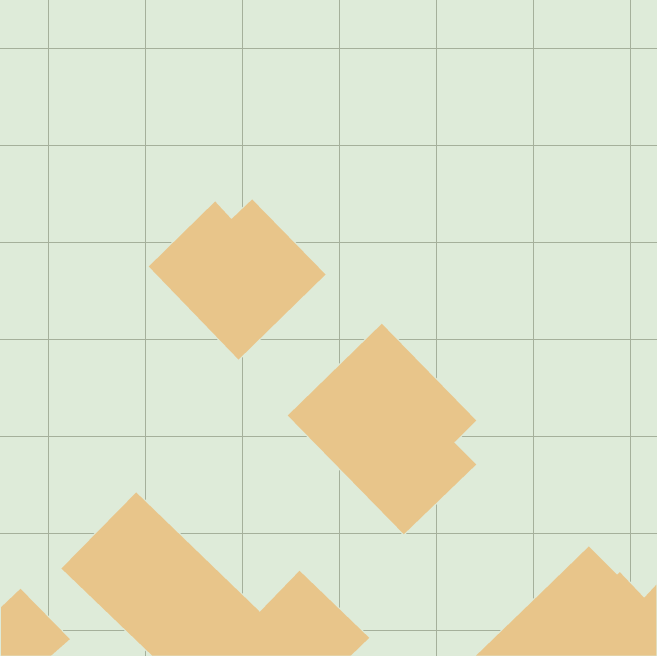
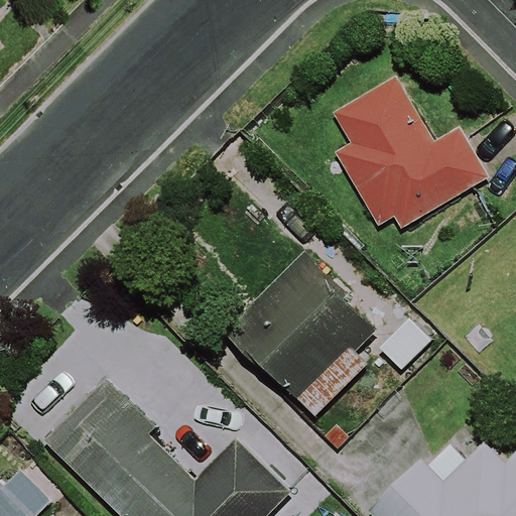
building: none -> [336,81,489,242]
building: [148,198,326,360] -> none

